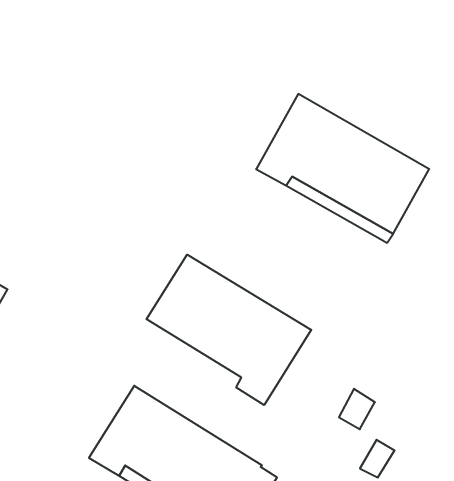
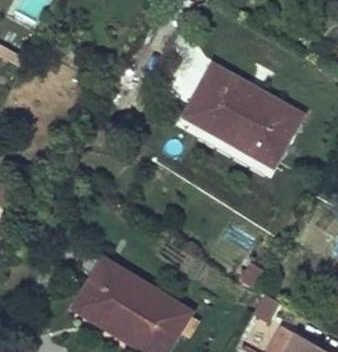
building: [147,255,311,405] -> none

